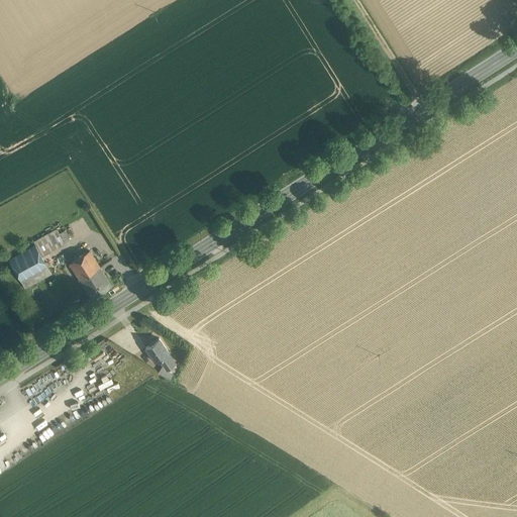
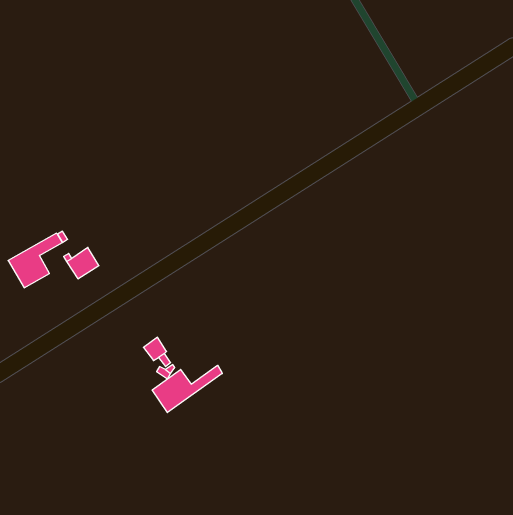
building: [78,266,110,297] -> none
building: none -> [152,365,222,413]

